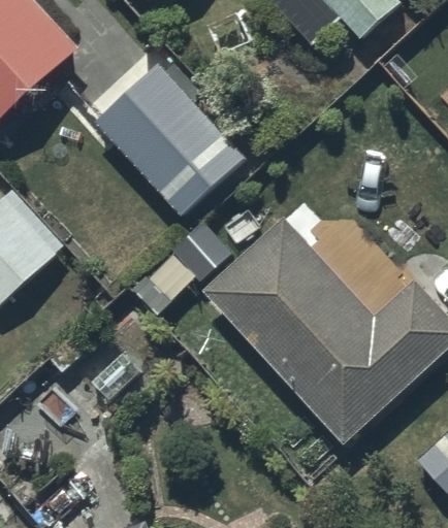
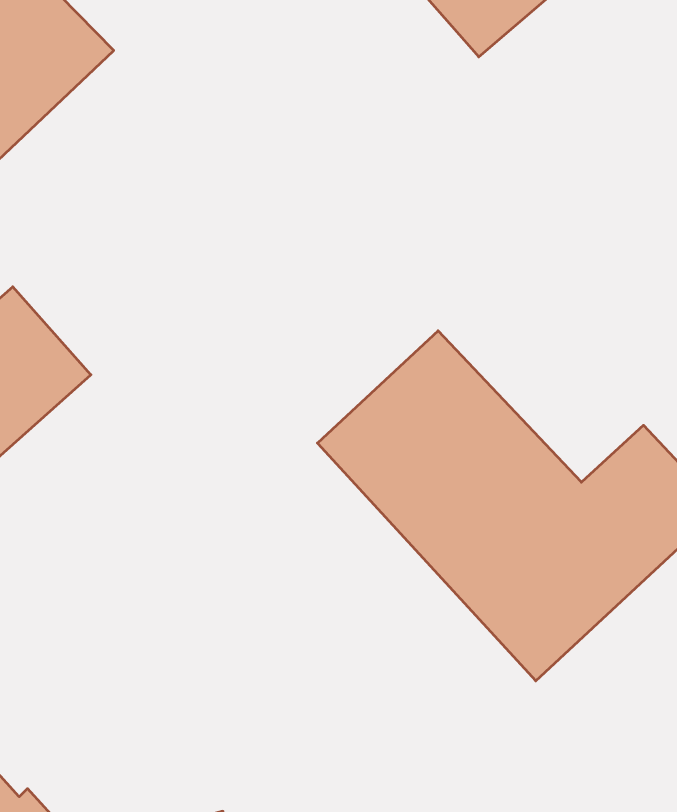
building: [84,45,255,216] -> none

